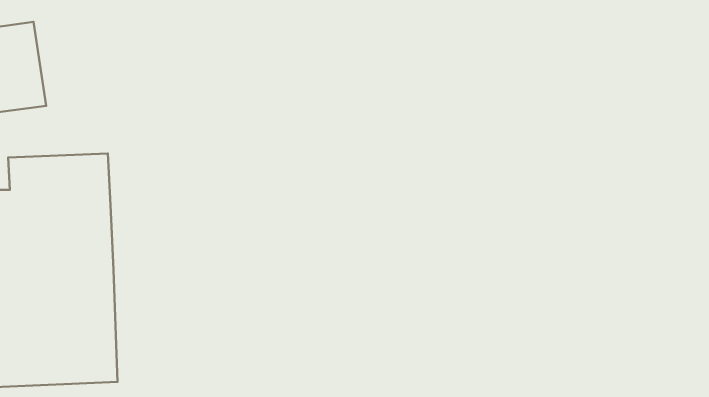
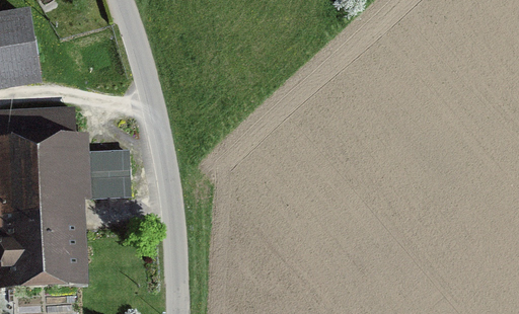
building: none -> [81,149,131,198]

